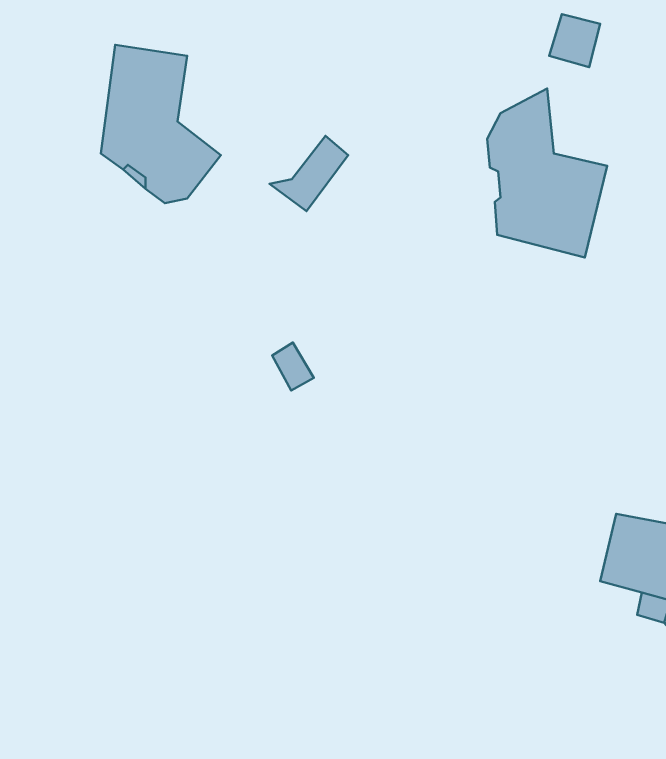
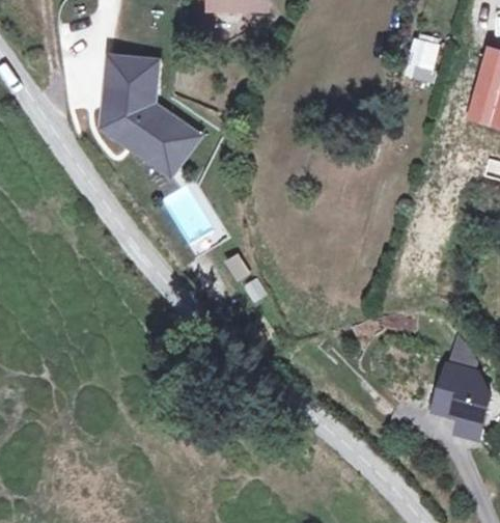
building: [487,88,607,258] -> none
building: [270,136,348,211] -> [147,129,198,177]

